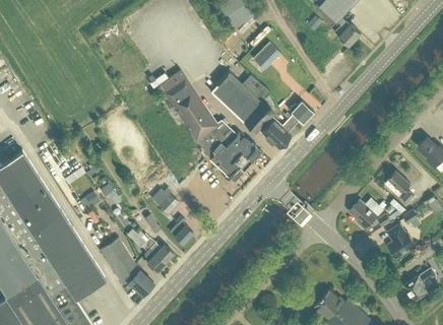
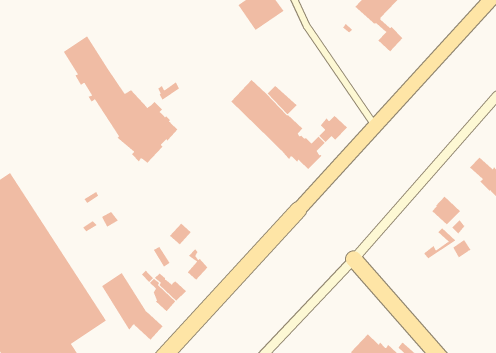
building: [252,42,279,70] -> none
building: [162,71,261,182] -> [63,35,178,164]
building: [349,198,383,231] -> none
building: [387,223,417,258] -> none
building: [404,268,436,301] -> none

